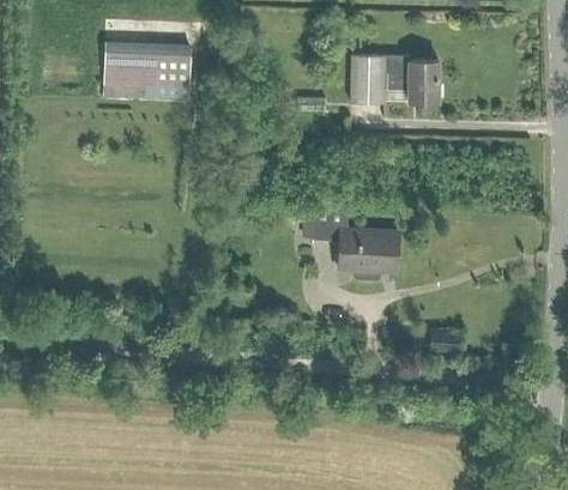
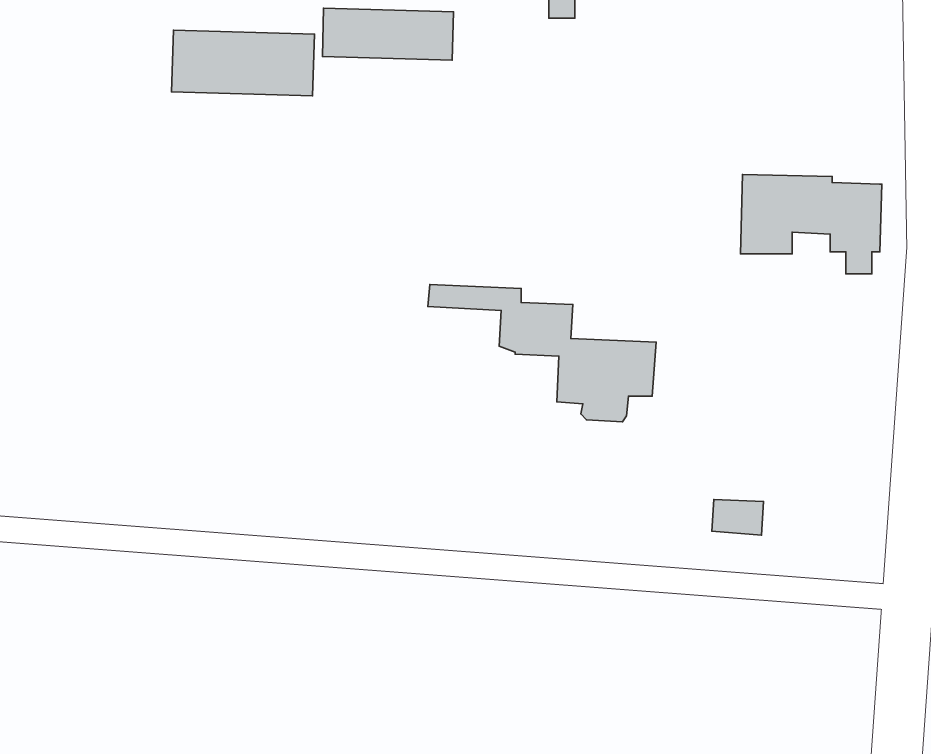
building: none -> [322,8,453,60]
building: [354,54,439,114] -> [741,174,882,274]

